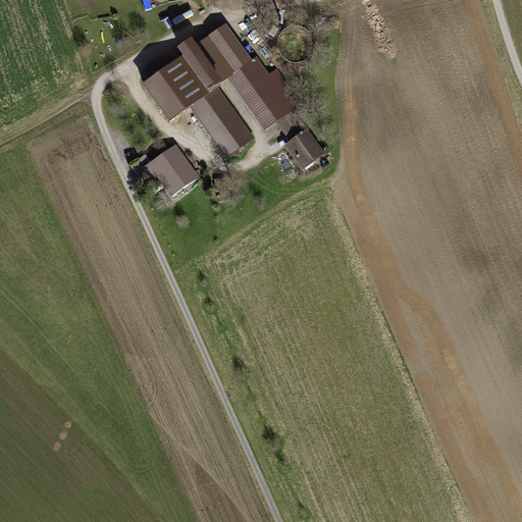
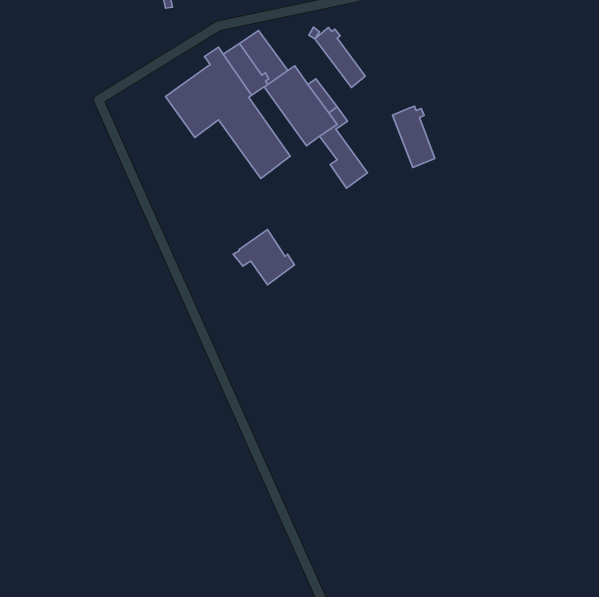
building: none -> [315,27,365,88]
building: none -> [393,106,435,168]
building: [144,145,197,193] -> [233,230,294,285]

